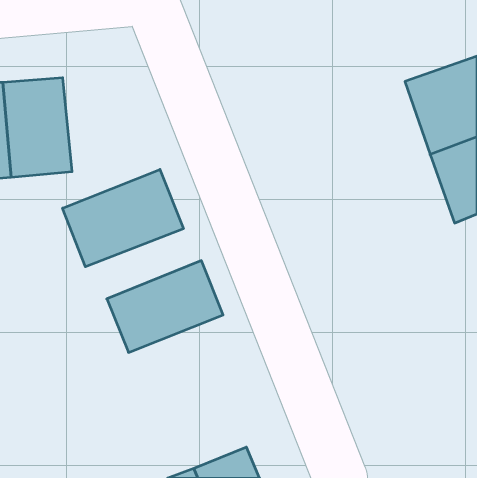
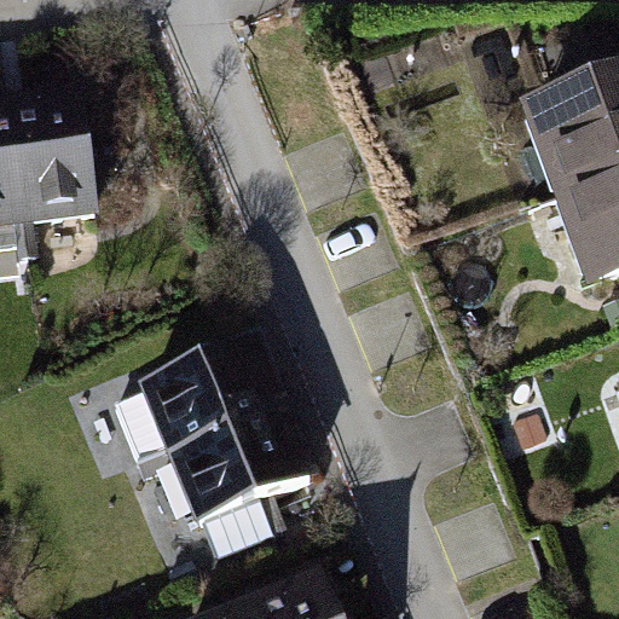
building: [63,169,183,267] -> none
building: none -> [166,406,317,526]

